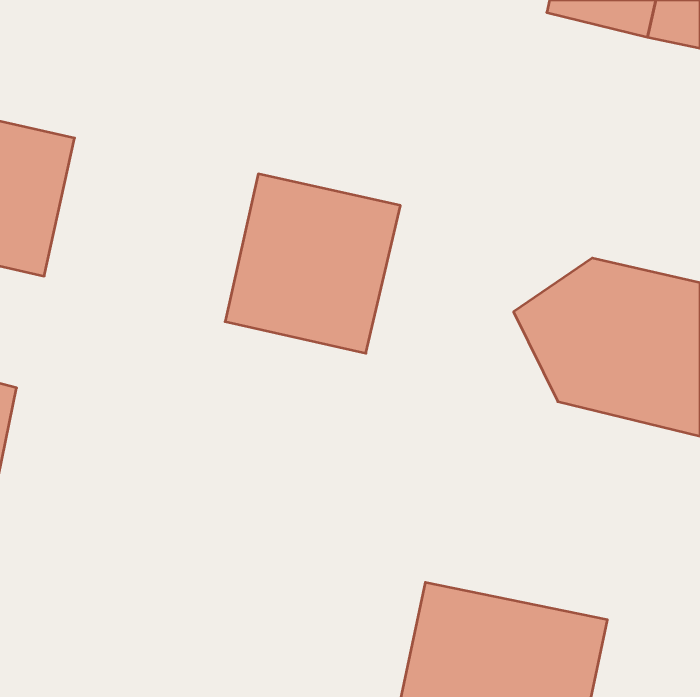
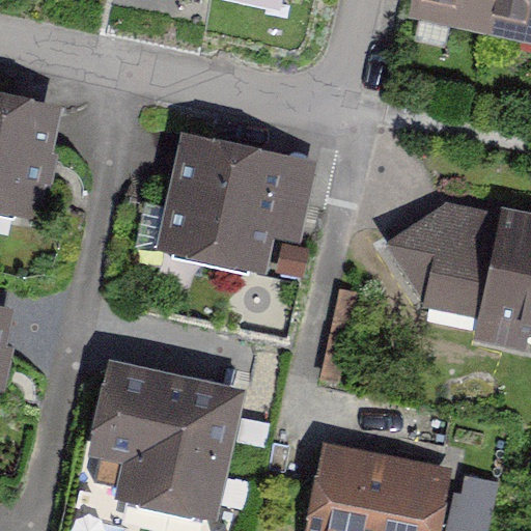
building: none -> [100,360,246,524]

